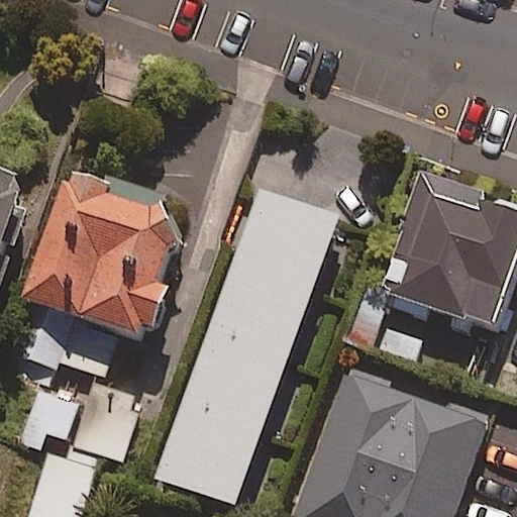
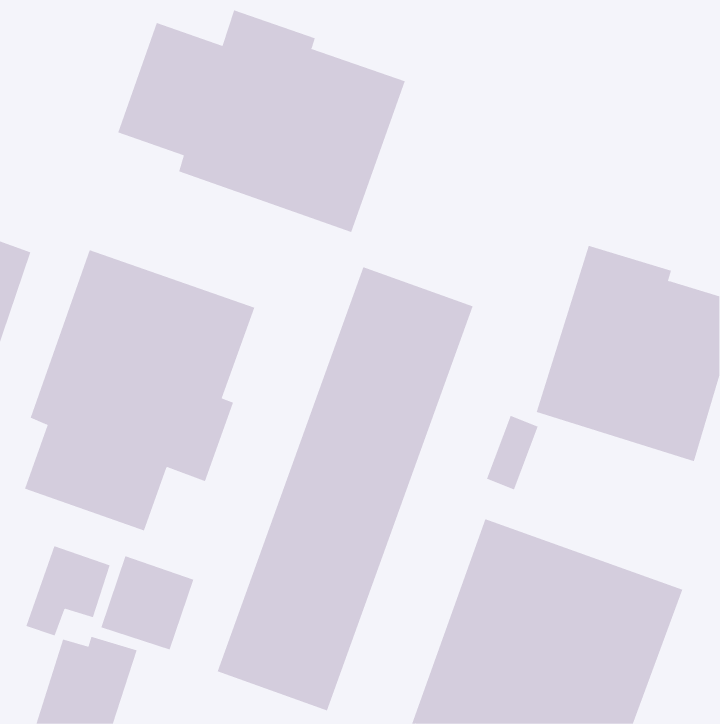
building: none -> [118,10,405,233]

